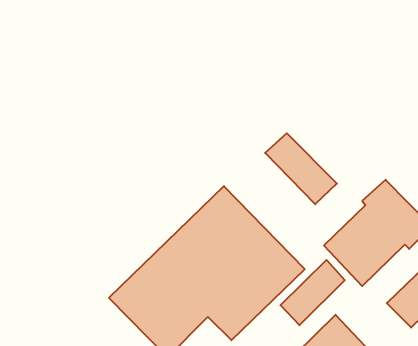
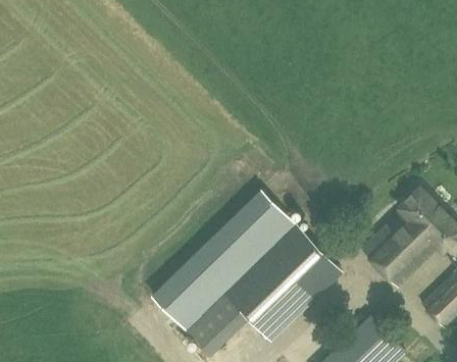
building: [265,133,337,204] -> none
building: [280,260,345,325] -> none

